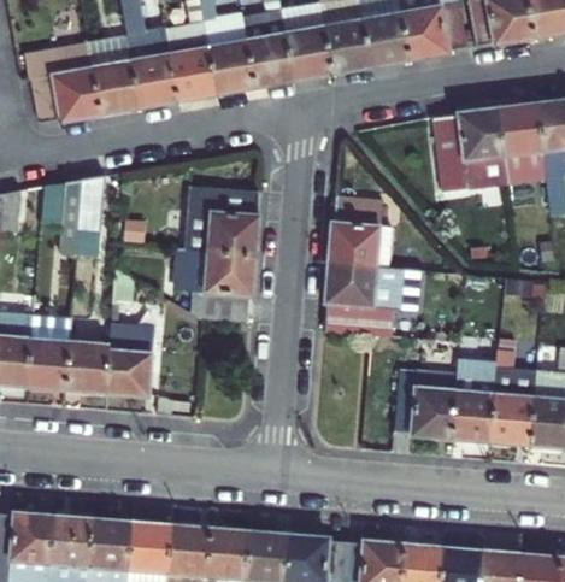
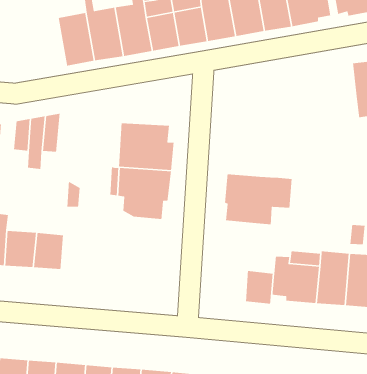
building: [35,40,111,120] -> none
building: [439,107,511,188] -> none
building: [331,200,395,264] -> none
building: [104,324,151,395] -> none
building: none -> [245,270,274,304]

